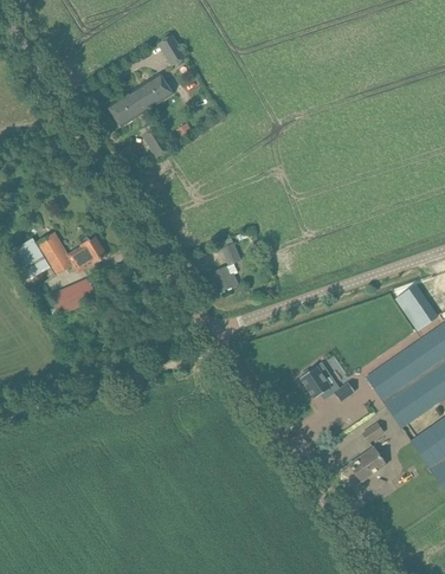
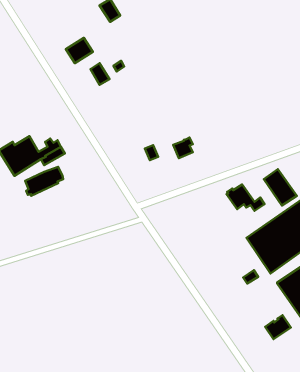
building: [134,73,173,110] -> none
building: [209,263,238,292] -> [173,137,193,158]
building: [299,363,354,401] -> [226,184,264,211]
building: [349,447,386,482] -> [265,315,291,339]

